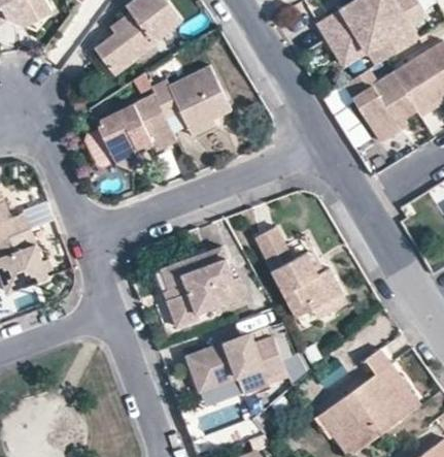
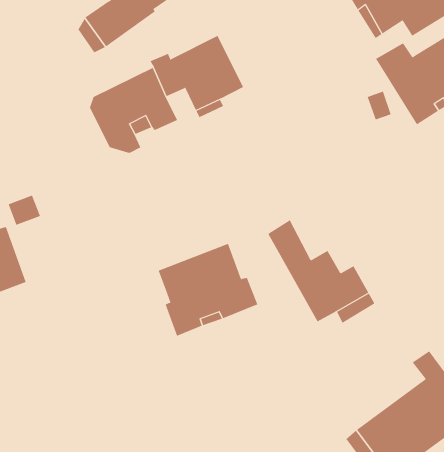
building: [183,333,283,394] -> none

